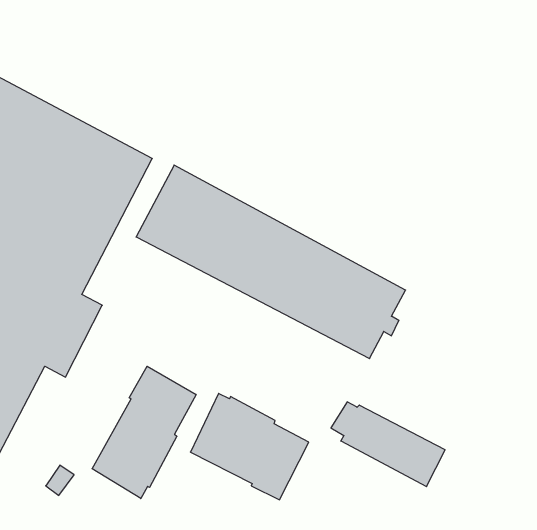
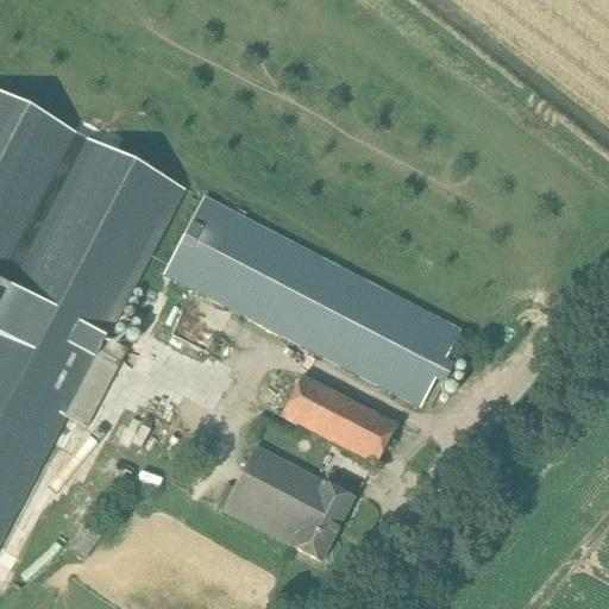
building: [92,366,196,499] -> none
building: [331,402,445,487] -> [271,371,396,464]

